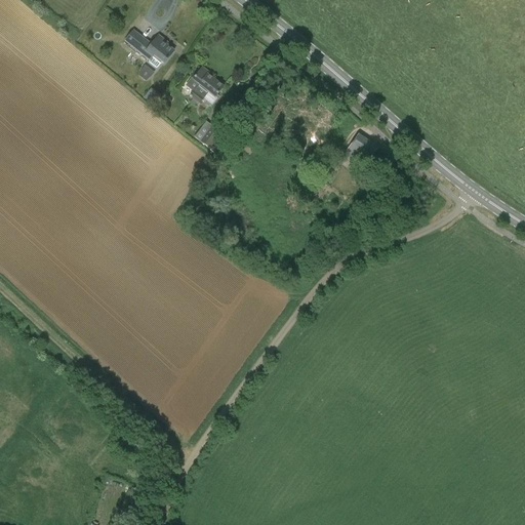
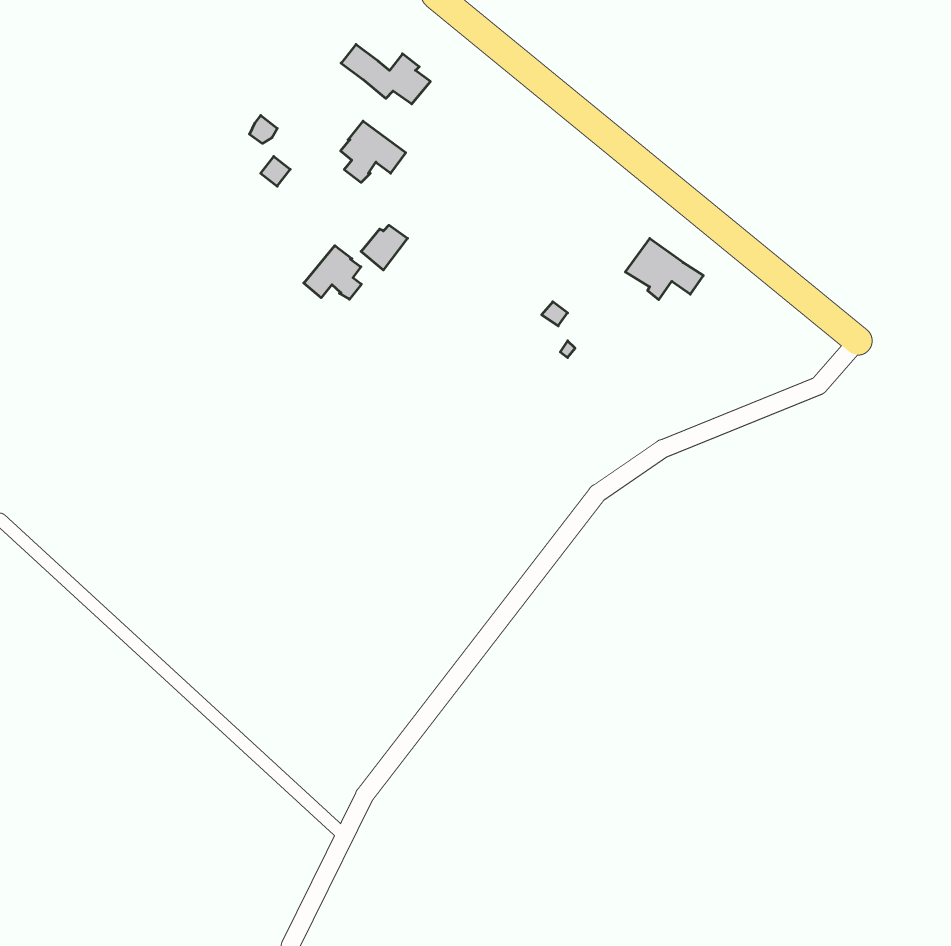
building: [124,28,173,60] -> [341,44,430,104]
building: none -> [304,246,361,299]

